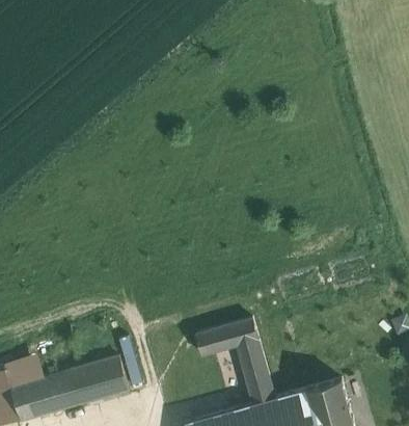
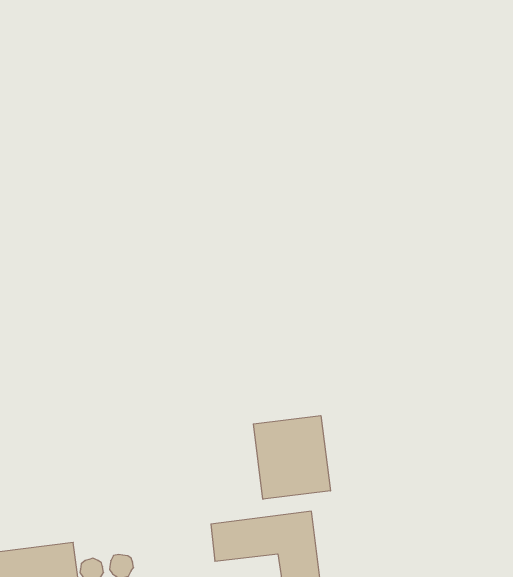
building: none -> [253,416,330,499]

